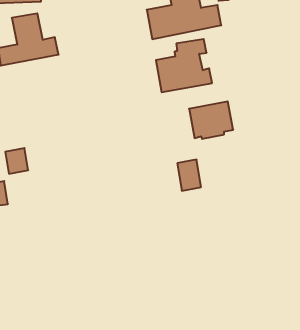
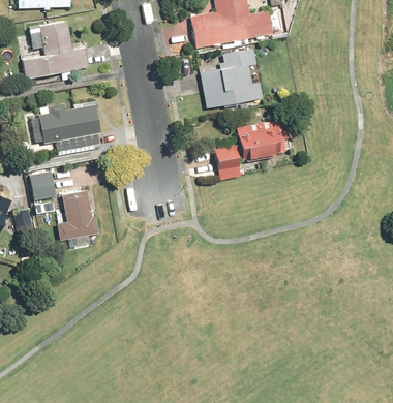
building: none -> [37,102,99,155]
building: [177,160,201,191] -> [213,145,240,180]
building: none -> [56,189,99,240]

